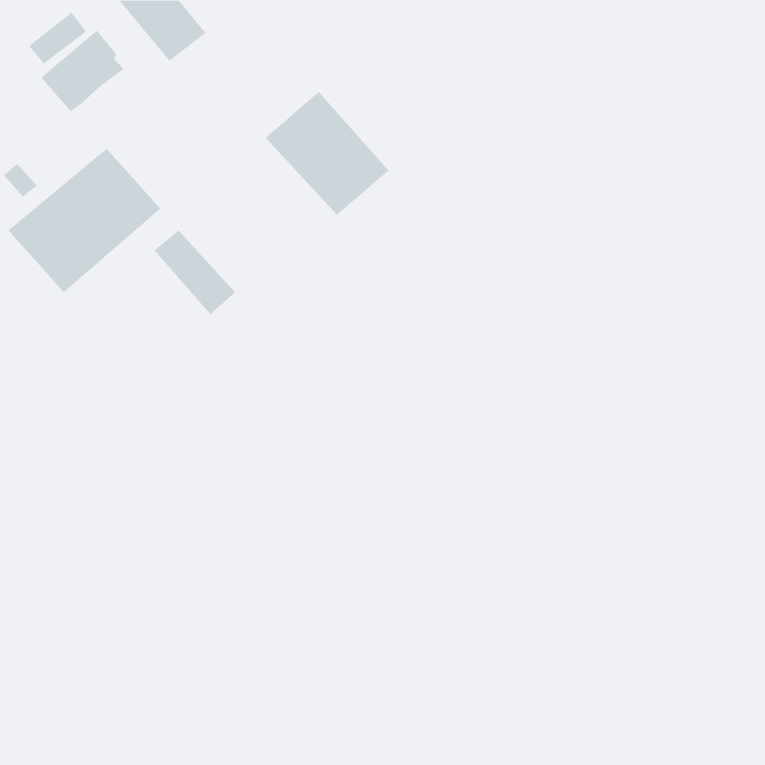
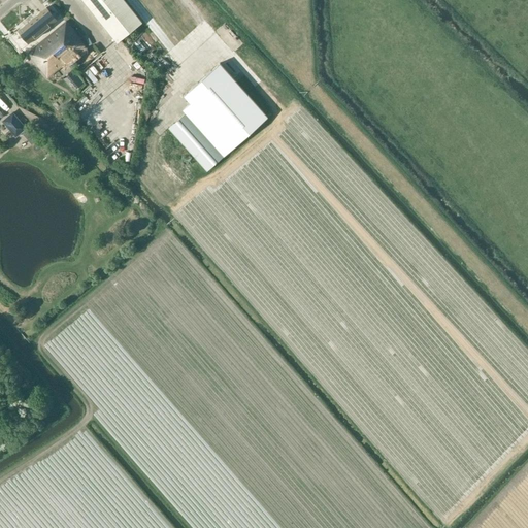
building: [8,148,161,293] -> none
building: [153,230,236,315] -> [168,112,225,171]

